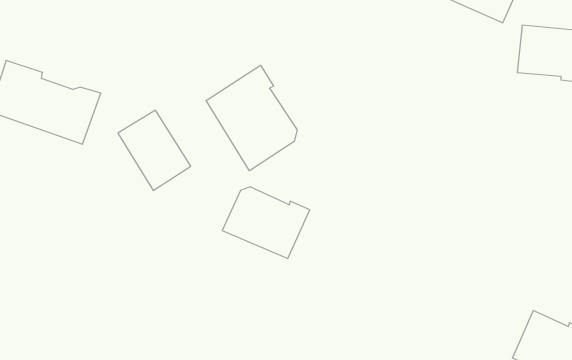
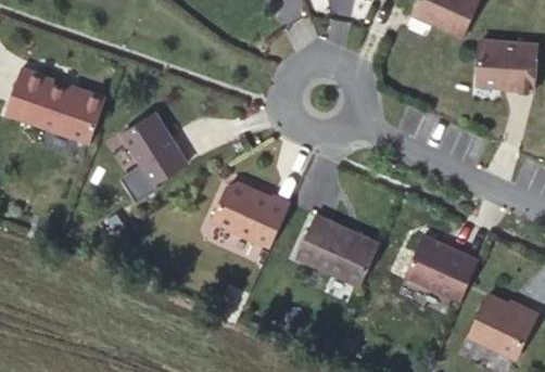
building: [206,65,297,171] -> none
building: none -> [296,215,380,285]
building: none -> [407,234,481,299]

